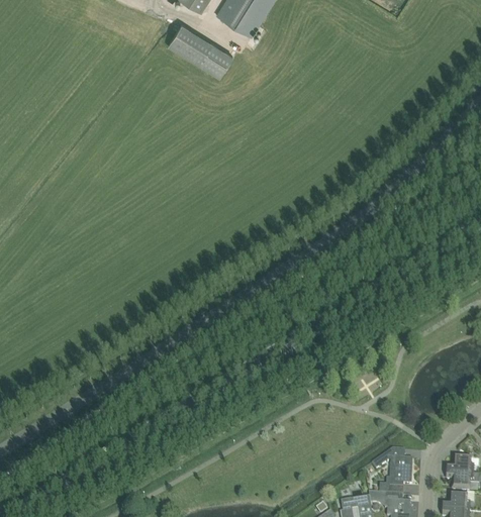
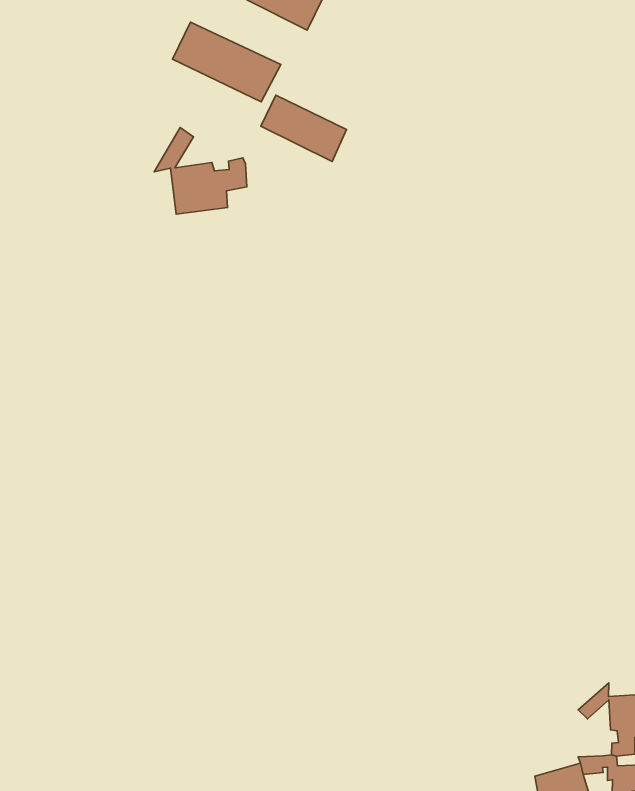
building: none -> [261,95,347,162]
building: none -> [154,127,247,214]

